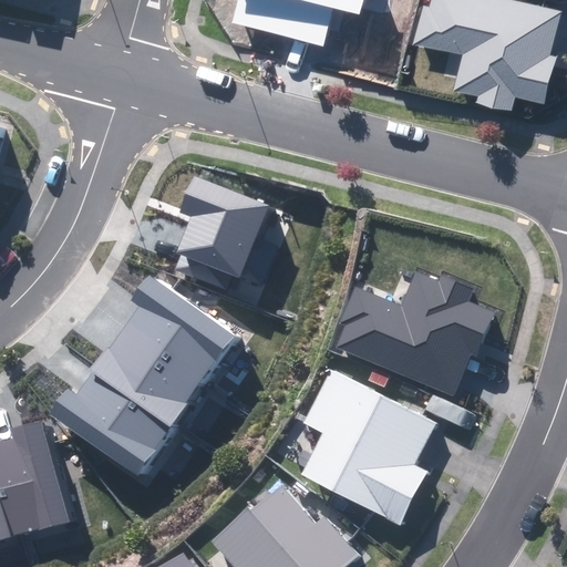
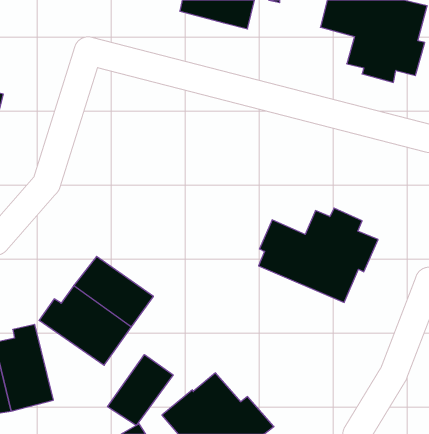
building: [169,176,271,291] -> none
building: [126,278,238,386] -> none
building: [300,371,434,524] -> none
building: none -> [108,355,173,425]

